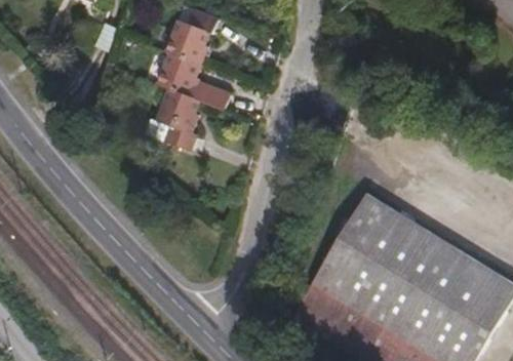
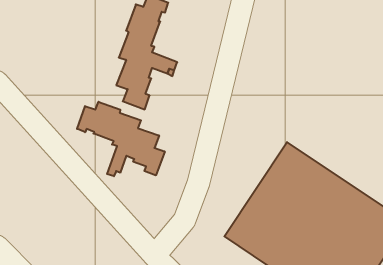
building: none -> [77,102,165,176]

